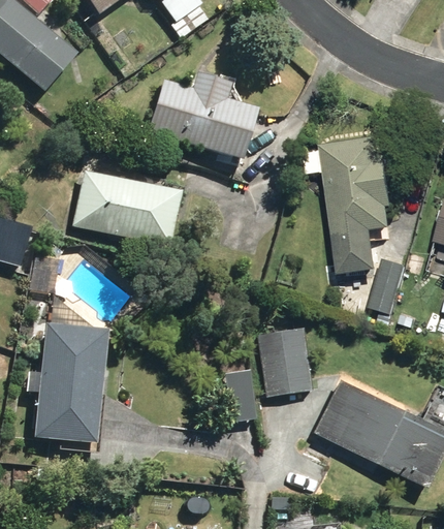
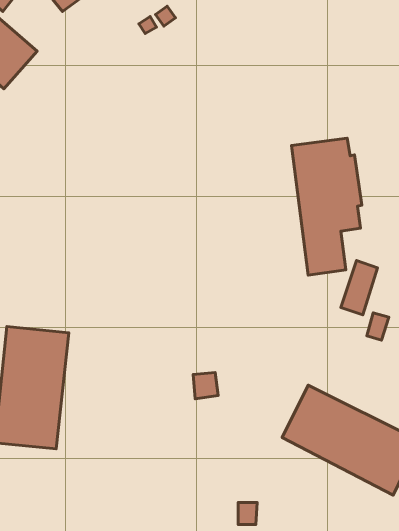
building: [148,71,255,157] -> none
building: [73,170,178,245] -> none
building: [258,328,314,395] -> none

